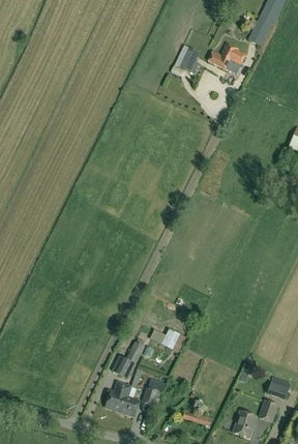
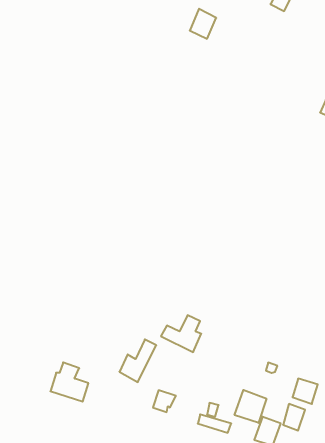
building: [207,43,245,70] -> none
building: [106,382,140,417] -> [50,362,88,402]
building: none -> [235,390,266,423]

